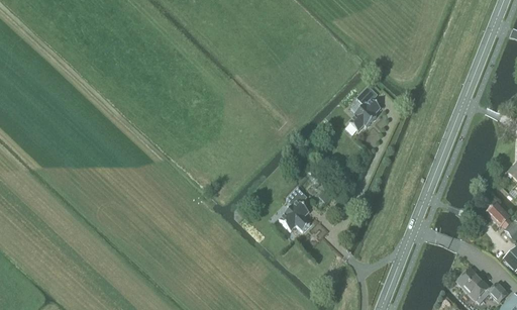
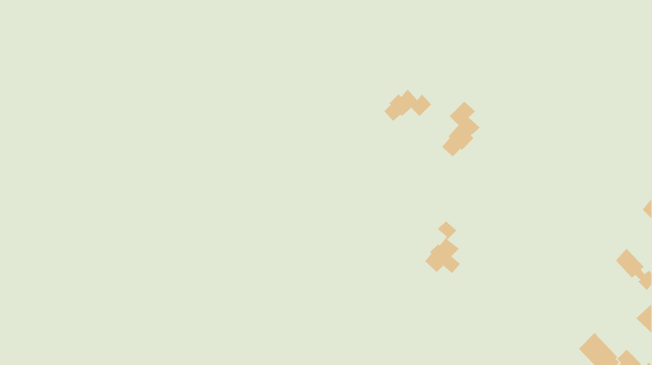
building: none -> [384,88,432,122]
building: [280,189,309,231] -> [424,220,461,274]

